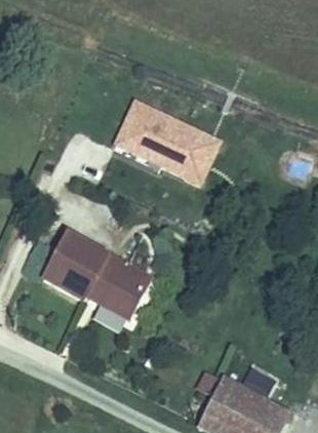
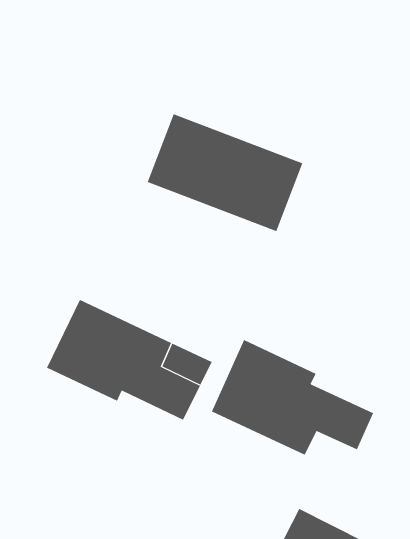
building: none -> [211,339,374,456]

